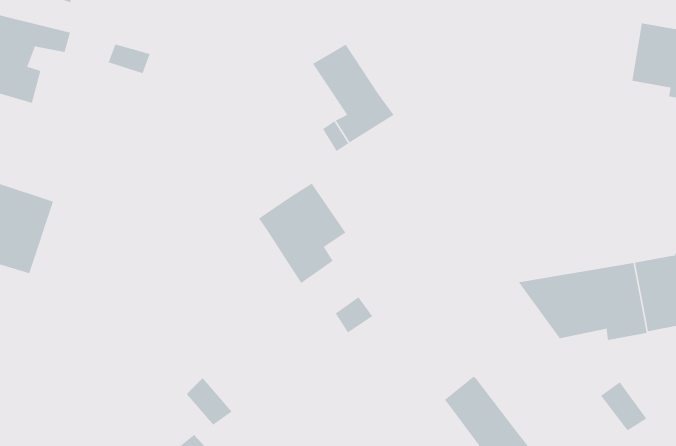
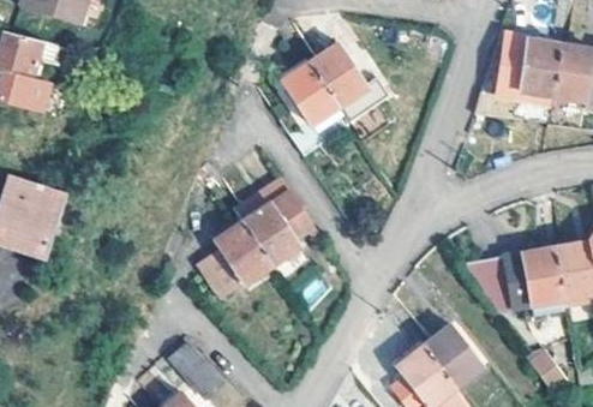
building: none -> [475,31,559,116]
building: none -> [310,43,365,103]
building: none -> [196,220,271,300]
building: none -> [421,325,480,387]

